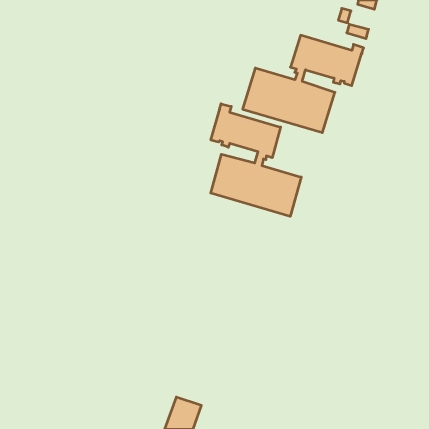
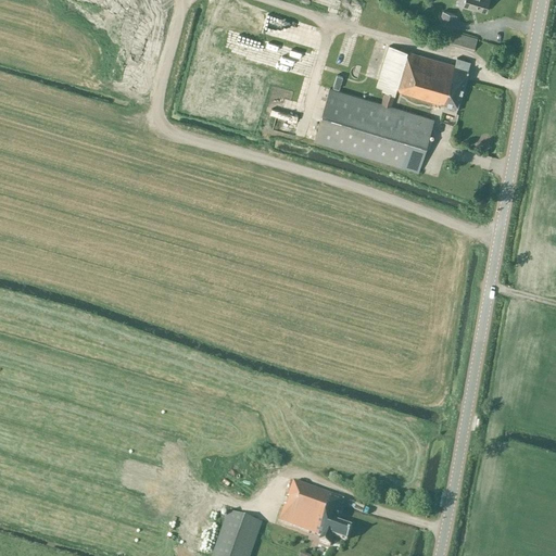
building: [211,104,301,216] -> none
building: none -> [278,482,351,546]

